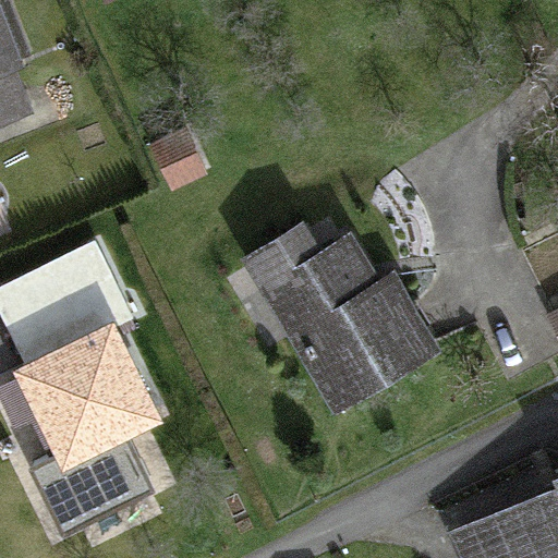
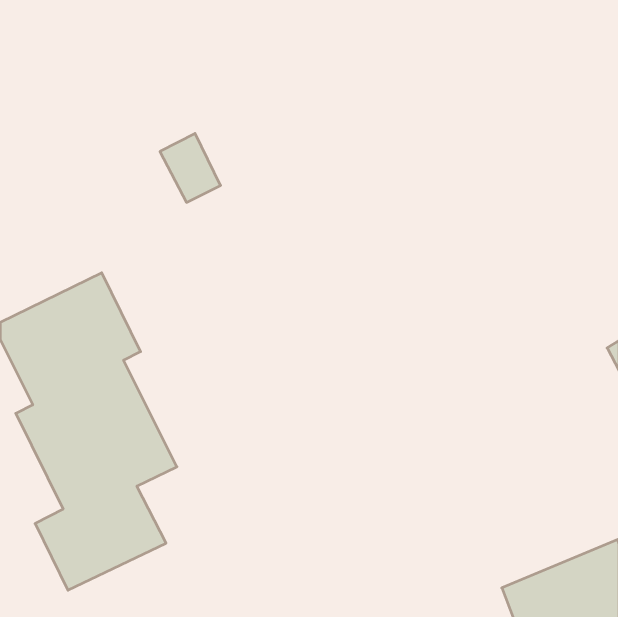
building: [266,228,420,391] -> none

